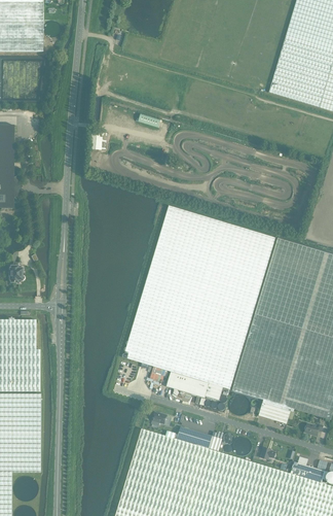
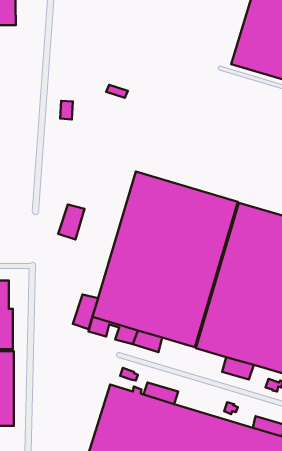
building: none -> [58,205,85,240]
building: none -> [73,294,98,329]
building: [192,379,223,400] -> none

